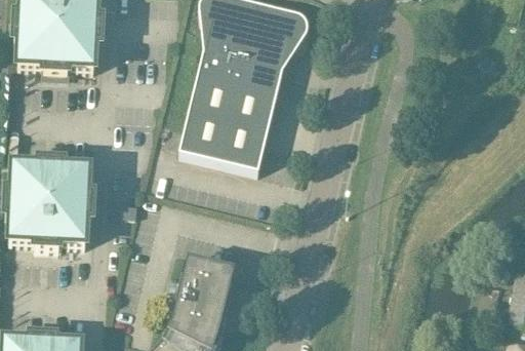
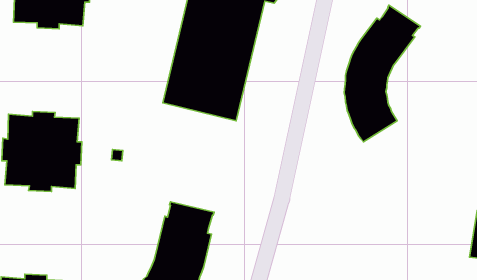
building: none -> [344,5,421,142]

